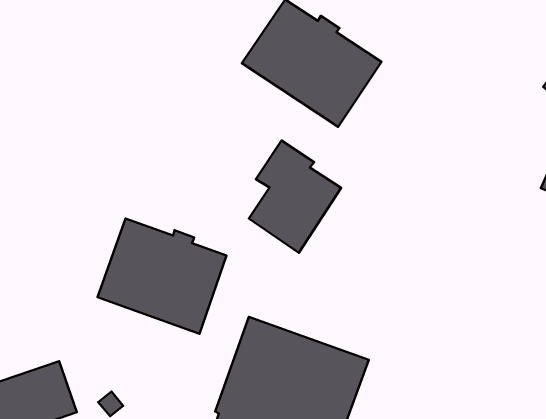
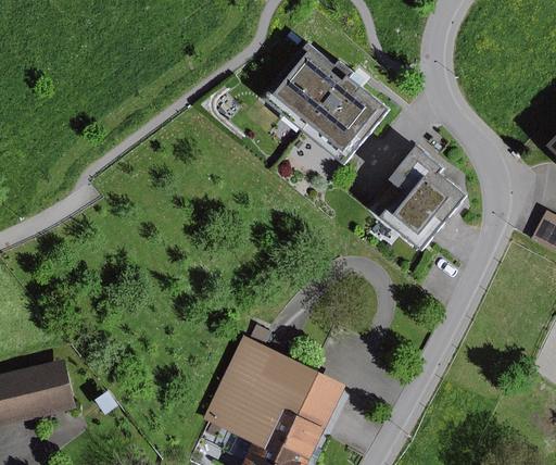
building: [249,141,341,253] -> [378,147,466,252]
building: [97,218,227,334] -> none

